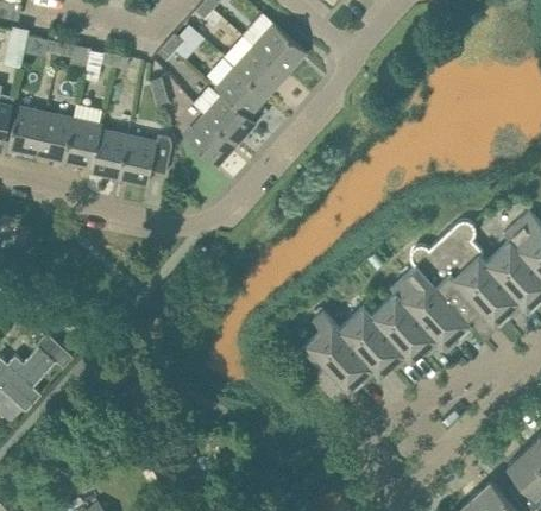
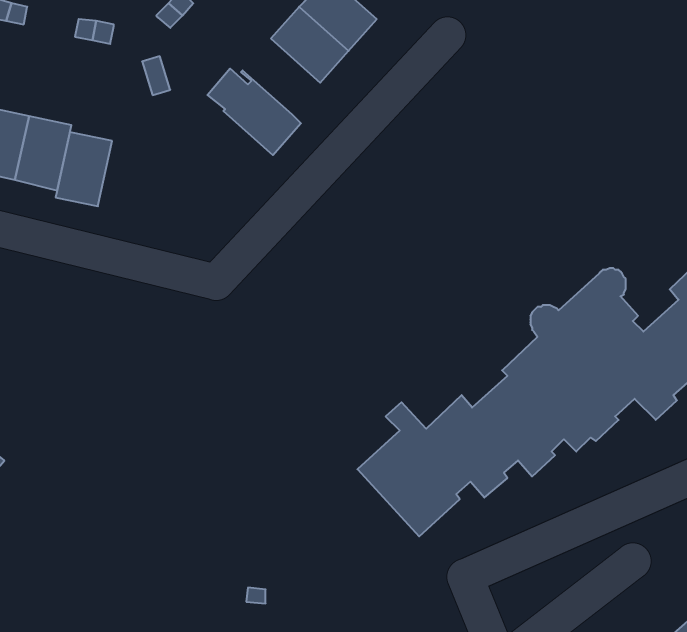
building: [215,67,268,118] -> none
building: [183,115,235,168] -> none
building: [118,135,171,185] -> none

